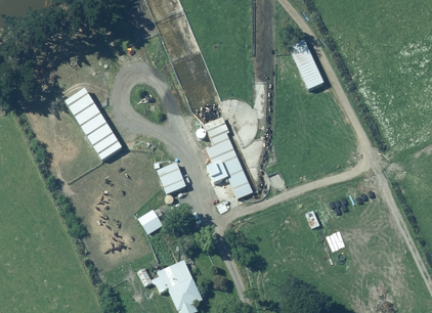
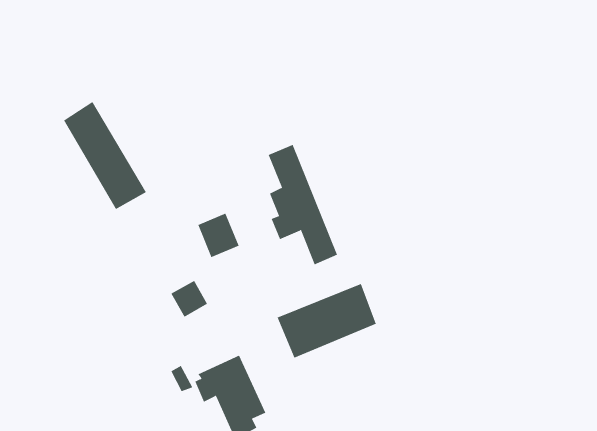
building: [287,39,322,89] -> none
building: none -> [277,283,376,358]

